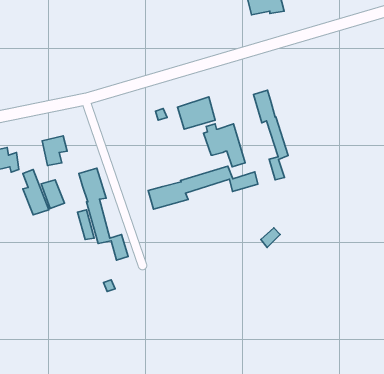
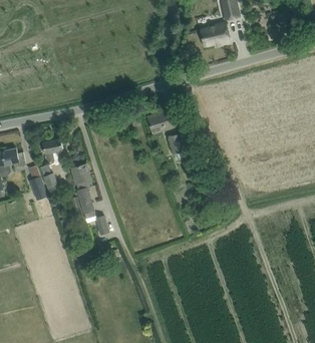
building: [254,90,288,180] -> none
building: [148,166,258,209] -> none

